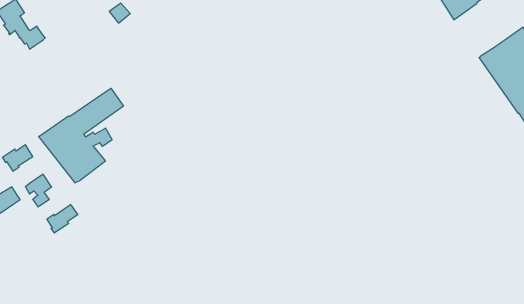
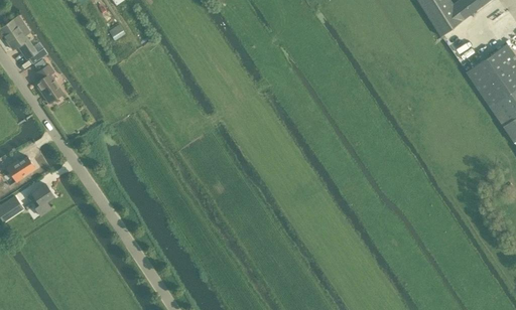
building: none -> [35,65,63,103]
building: [39,88,123,183] -> none
building: [47,204,78,233] -> none

